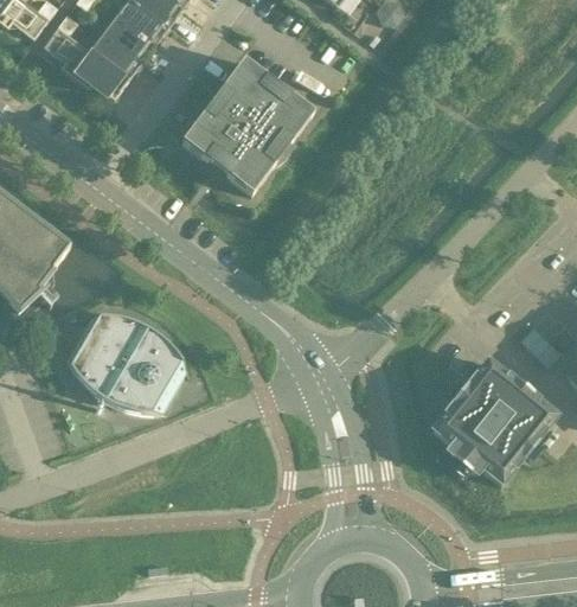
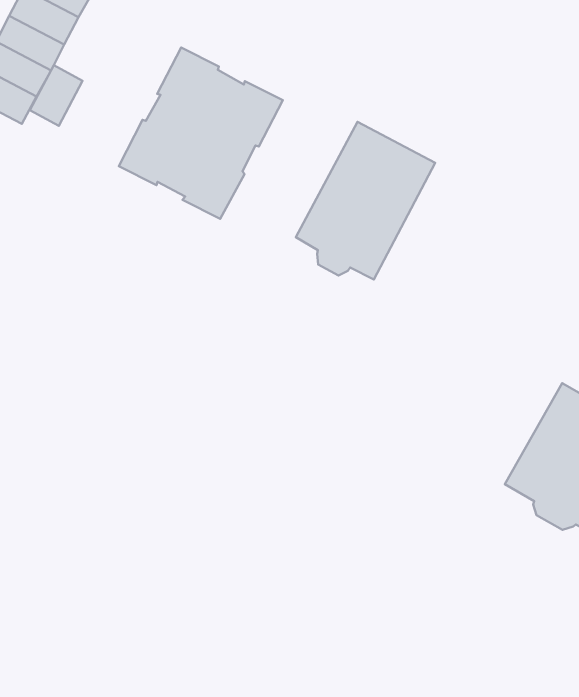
building: none -> [30,65,83,126]
building: none -> [296,122,435,280]
building: [63,311,187,410] -> none

